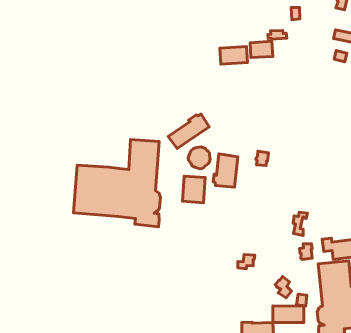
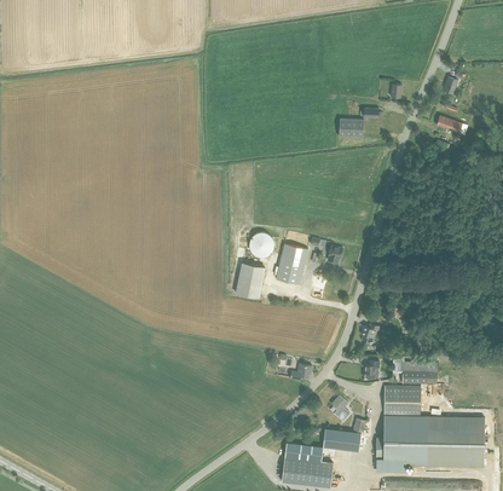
building: [220,46,247,64] -> none
building: [168,114,209,149] -> none
building: [74,140,161,227] -> none

